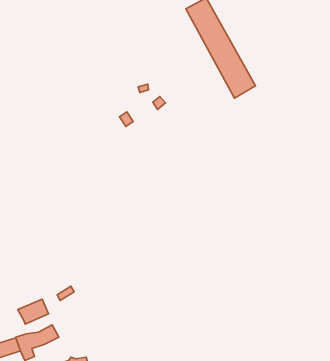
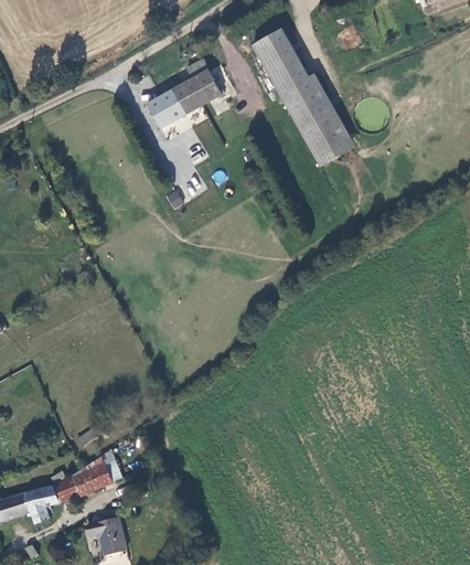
building: none -> [148,56,222,126]
building: [18,299,49,324] -> [73,461,115,495]

